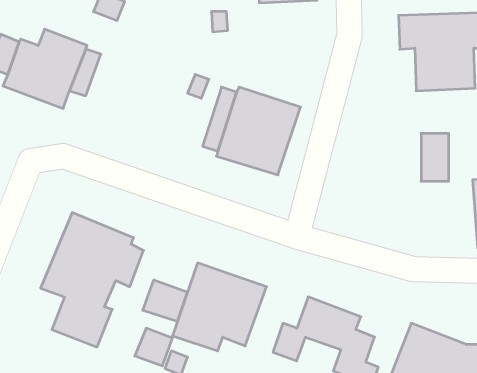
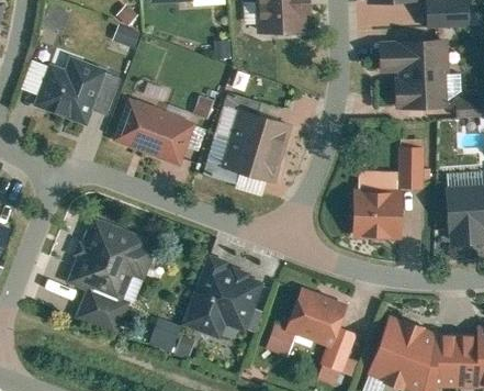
building: none -> [113,98,196,166]
building: none -> [352,171,402,237]
building: [143,280,187,321] -> none

